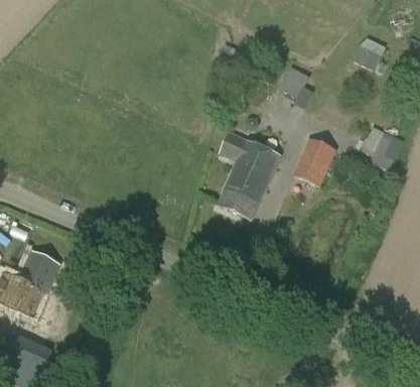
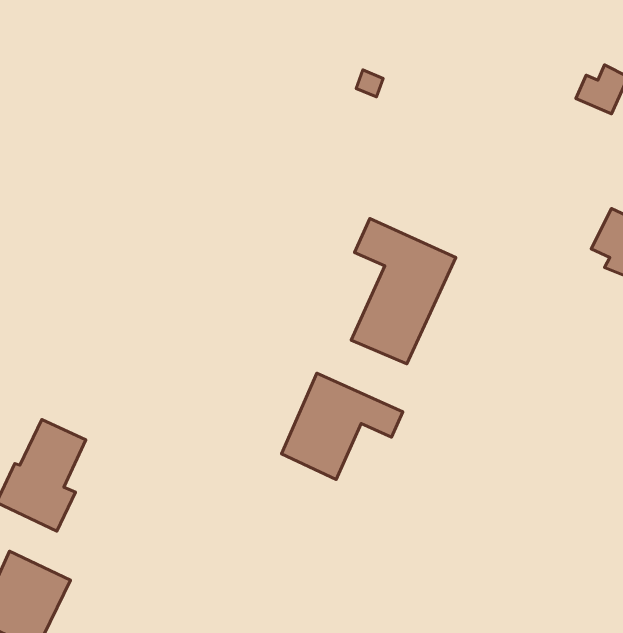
building: [279,67,310,98] -> none
building: [292,137,336,187] -> none
building: none -> [282,373,403,479]

